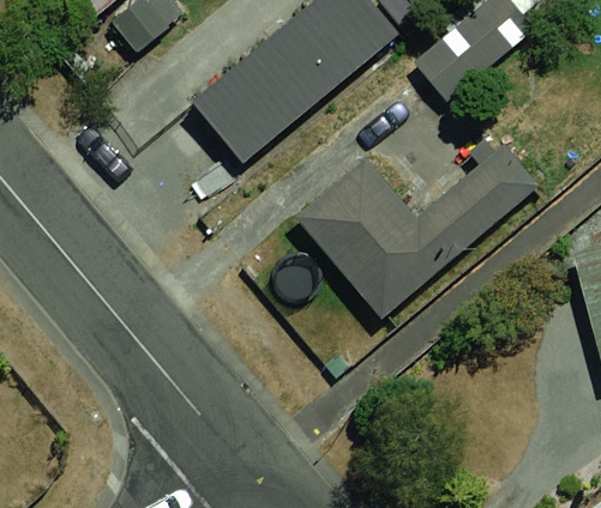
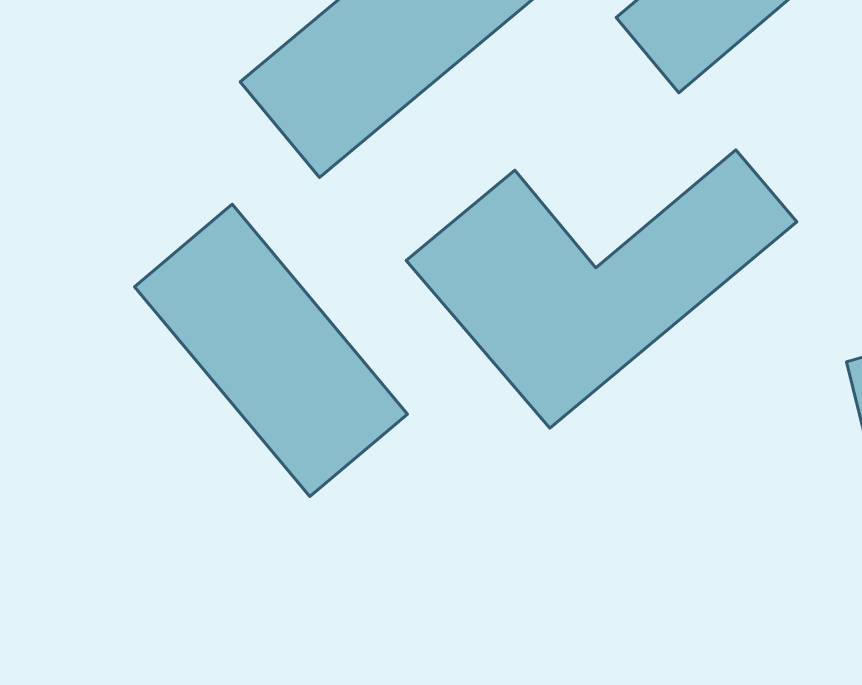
building: none -> [134,204,408,497]

